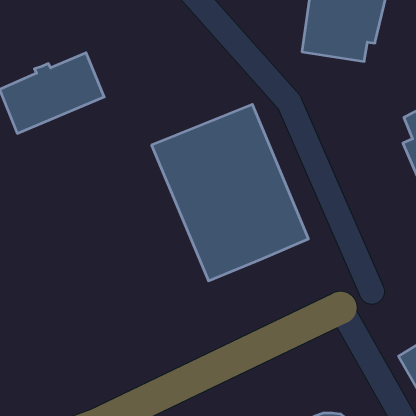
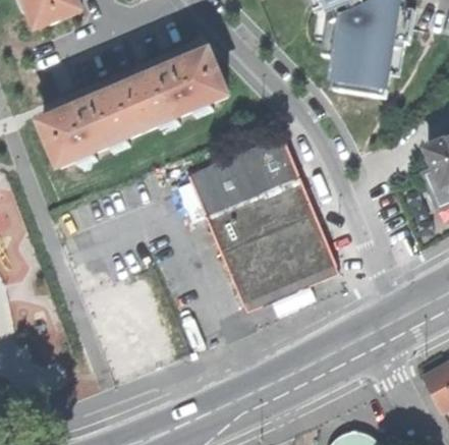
building: none -> [124,52,225,128]

